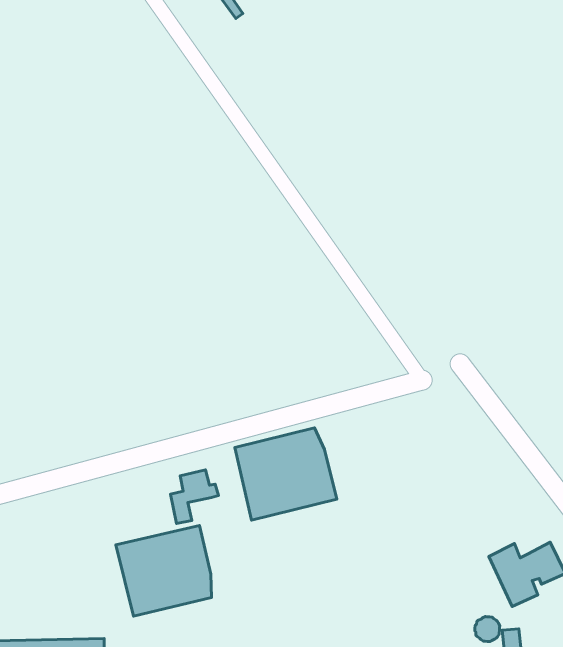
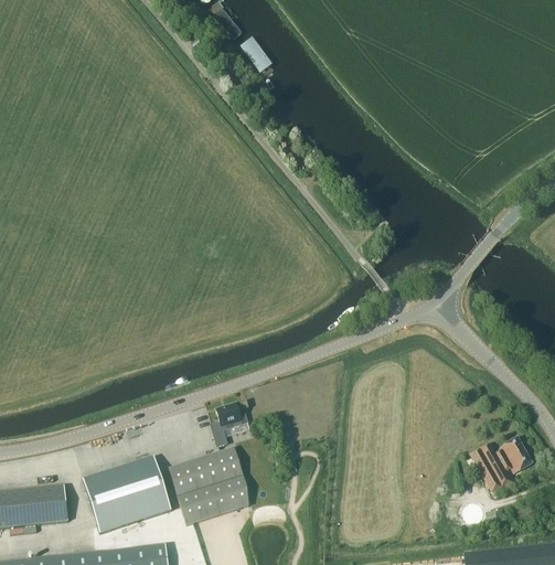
building: none -> [238,36,271,74]
building: [235,428,337,520] -> none
building: none -> [84,456,171,532]

